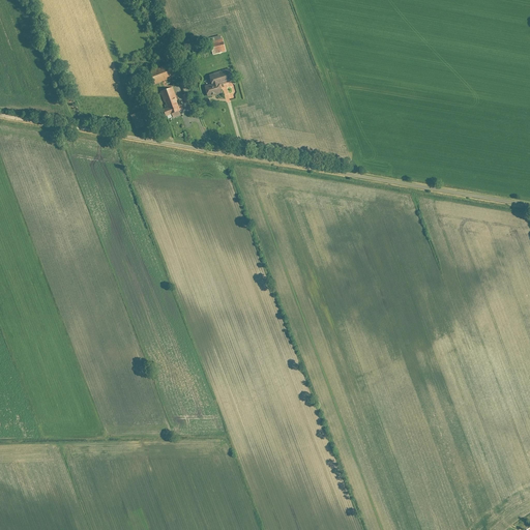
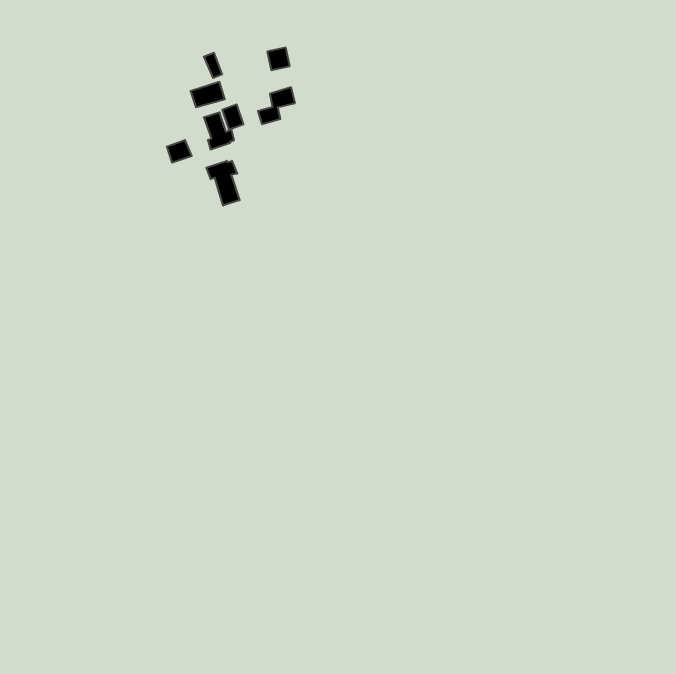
building: none -> [206,161,240,206]

